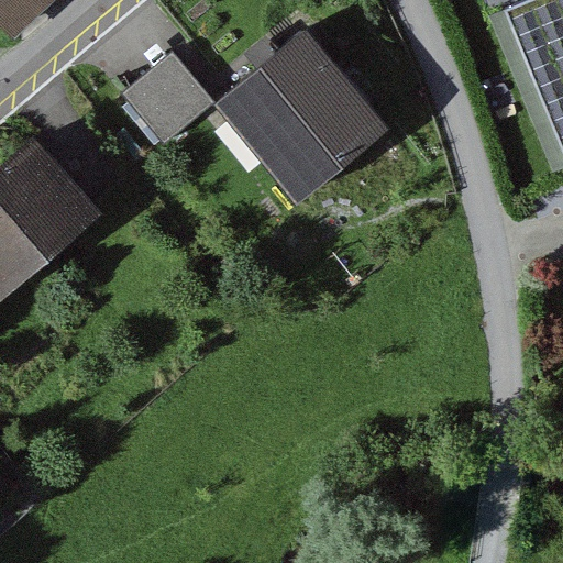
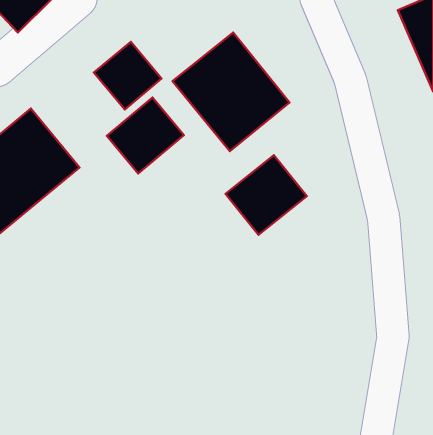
building: none -> [107,98,184,173]
building: none -> [225,155,307,235]

